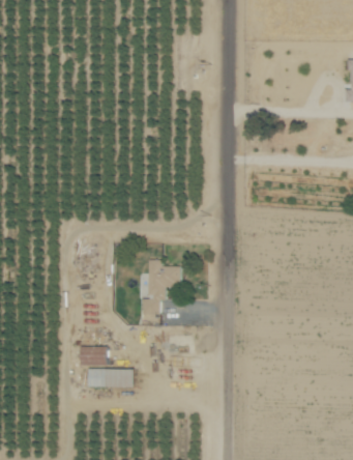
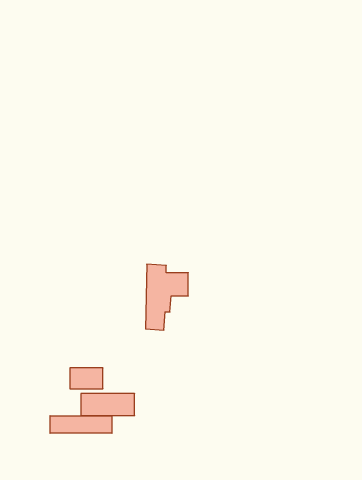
building: none -> [50,416,112,433]

